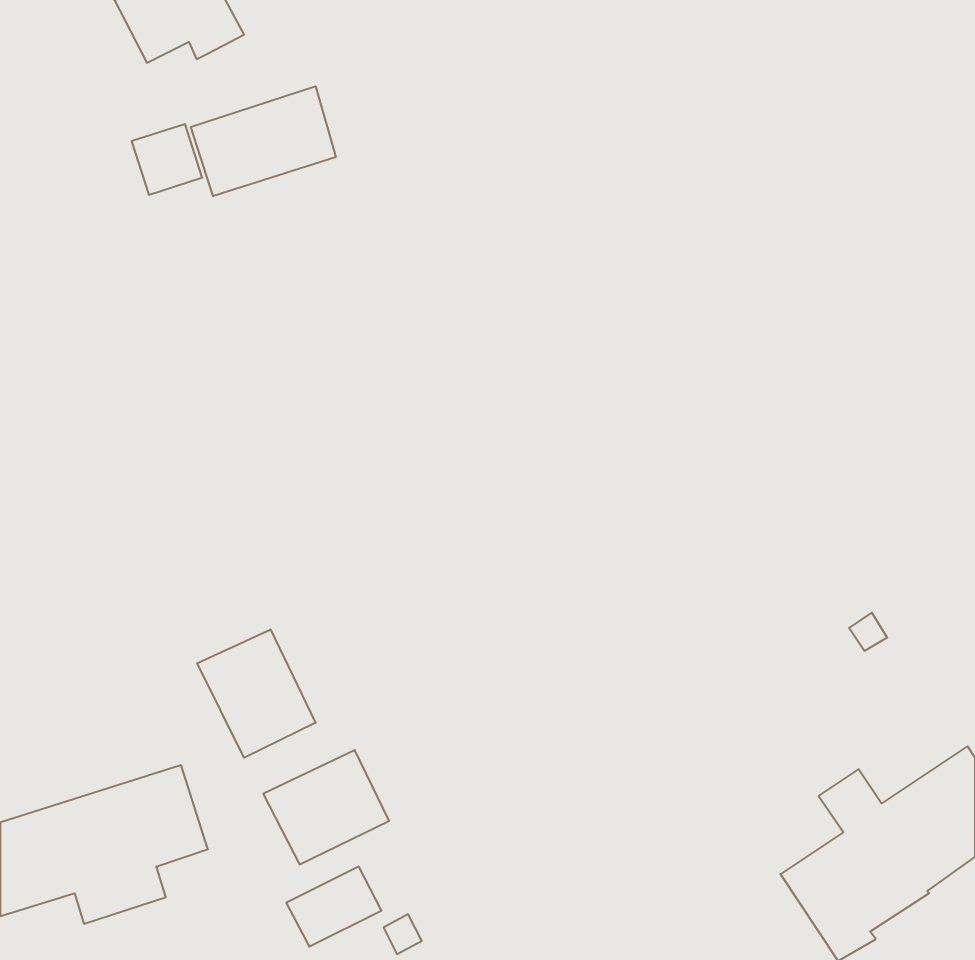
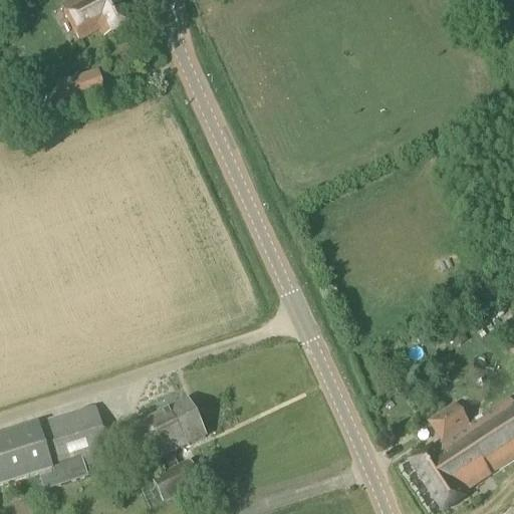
building: [191,86,336,196] -> none
building: [197,629,316,758] -> none

